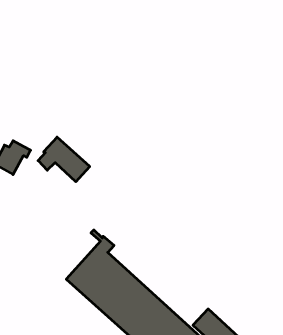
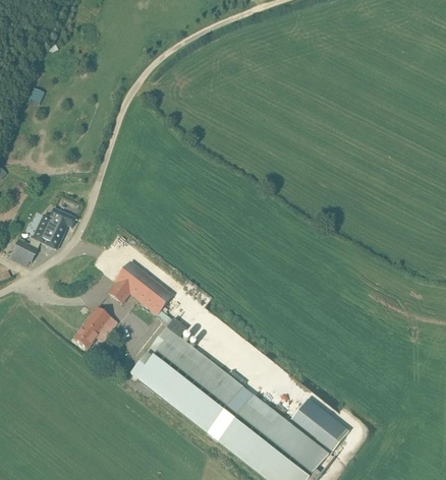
building: [38,137,90,181] -> [109,261,173,314]
building: none -> [74,307,117,348]

